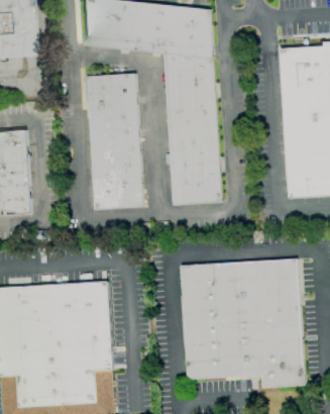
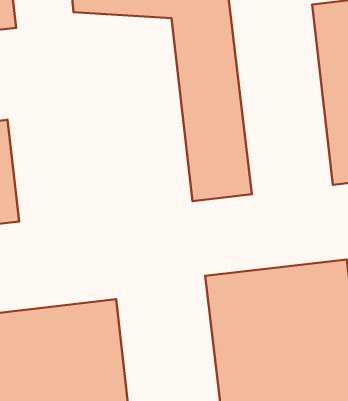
building: [88,74,143,209] -> none

